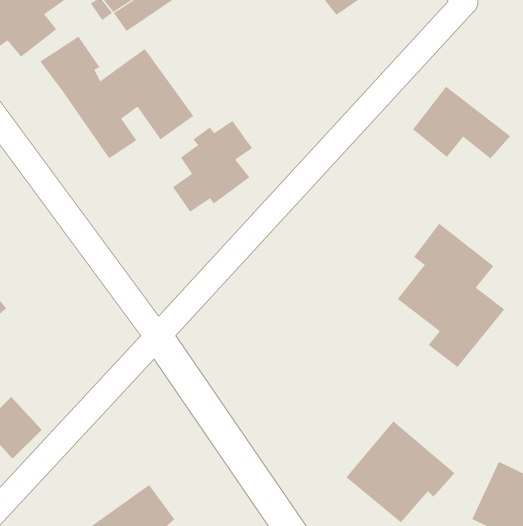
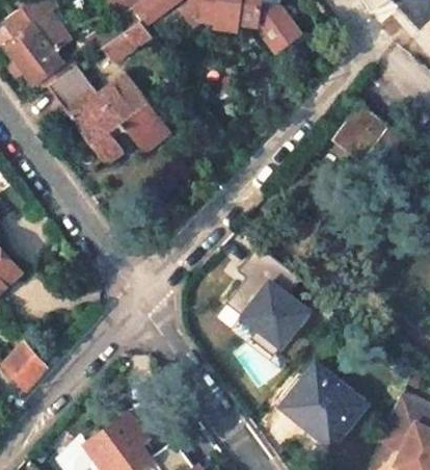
building: [172,120,253,212] -> none
building: [397,223,505,368] -> [227,245,311,357]

